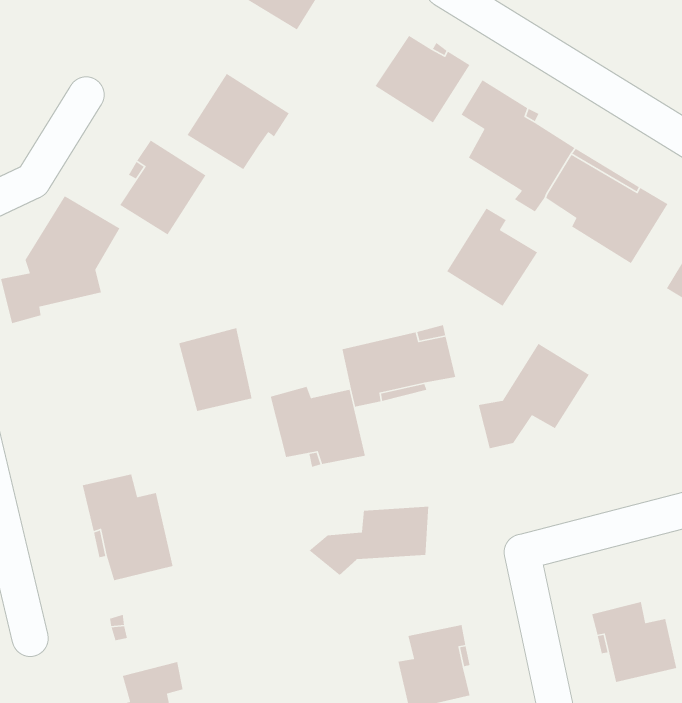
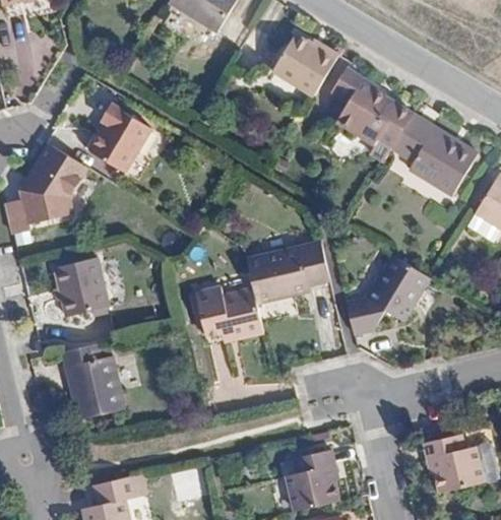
building: [186,73,290,170] -> none
building: [446,208,538,307] -> none
building: [178,327,253,412] -> [53,258,106,318]
building: [309,506,429,576] -> none

